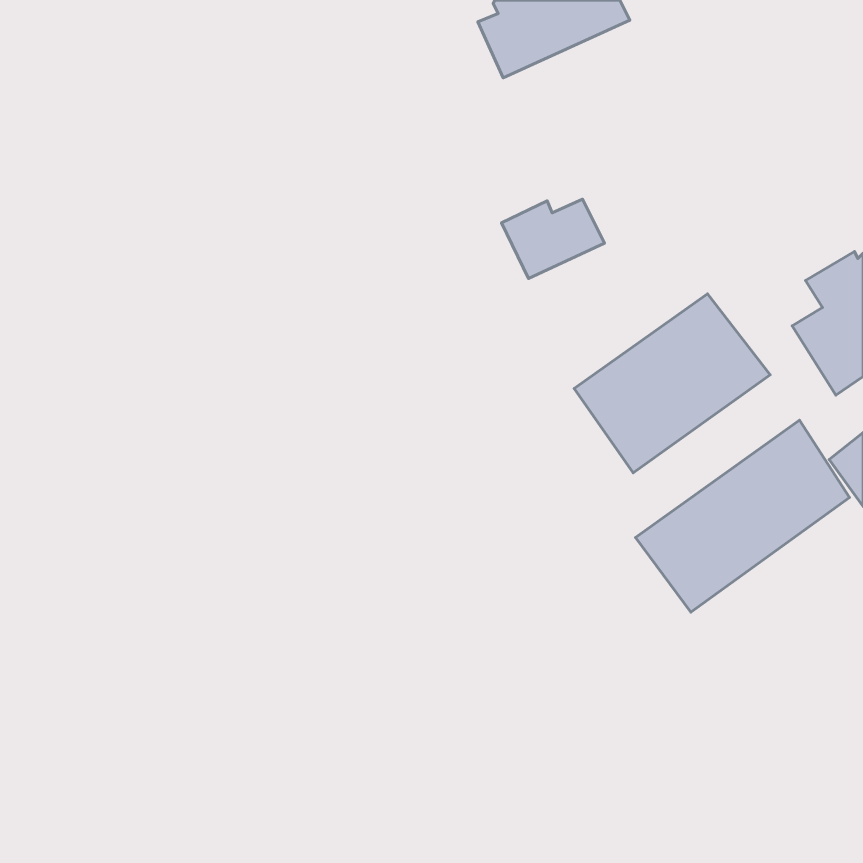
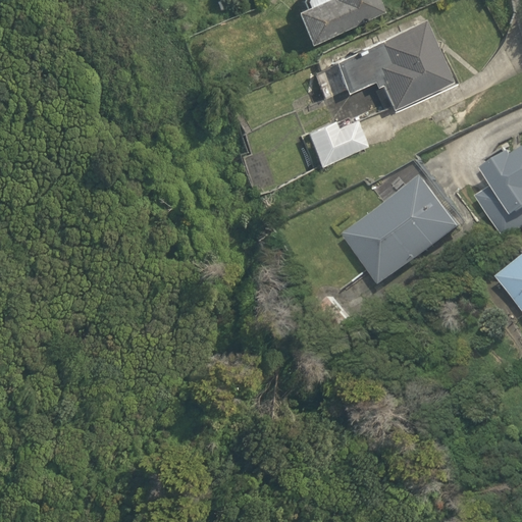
building: none -> [327,20,450,111]
building: [636,420,850,612] -> none

